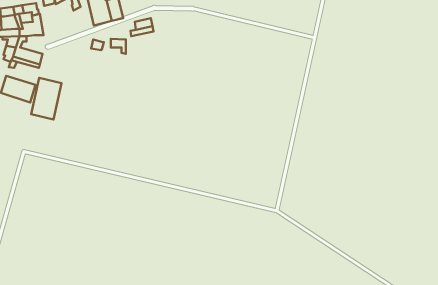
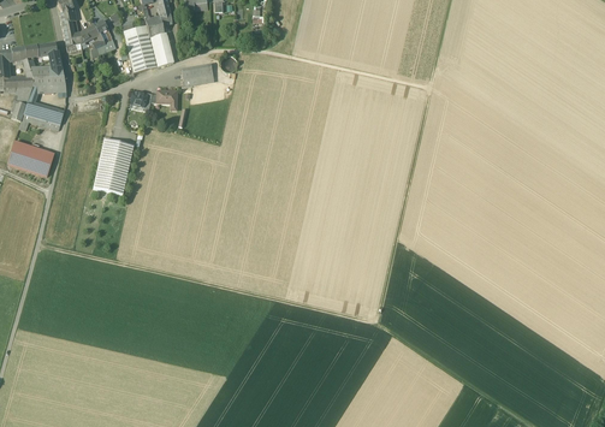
building: [31,78,61,119] -> [93,138,134,195]

